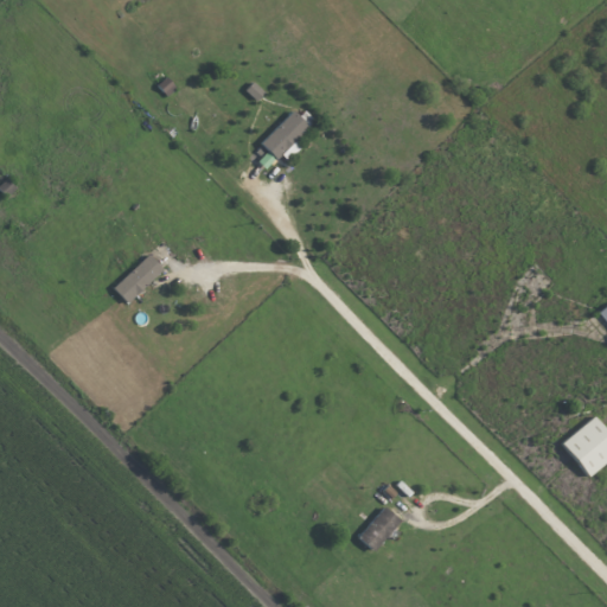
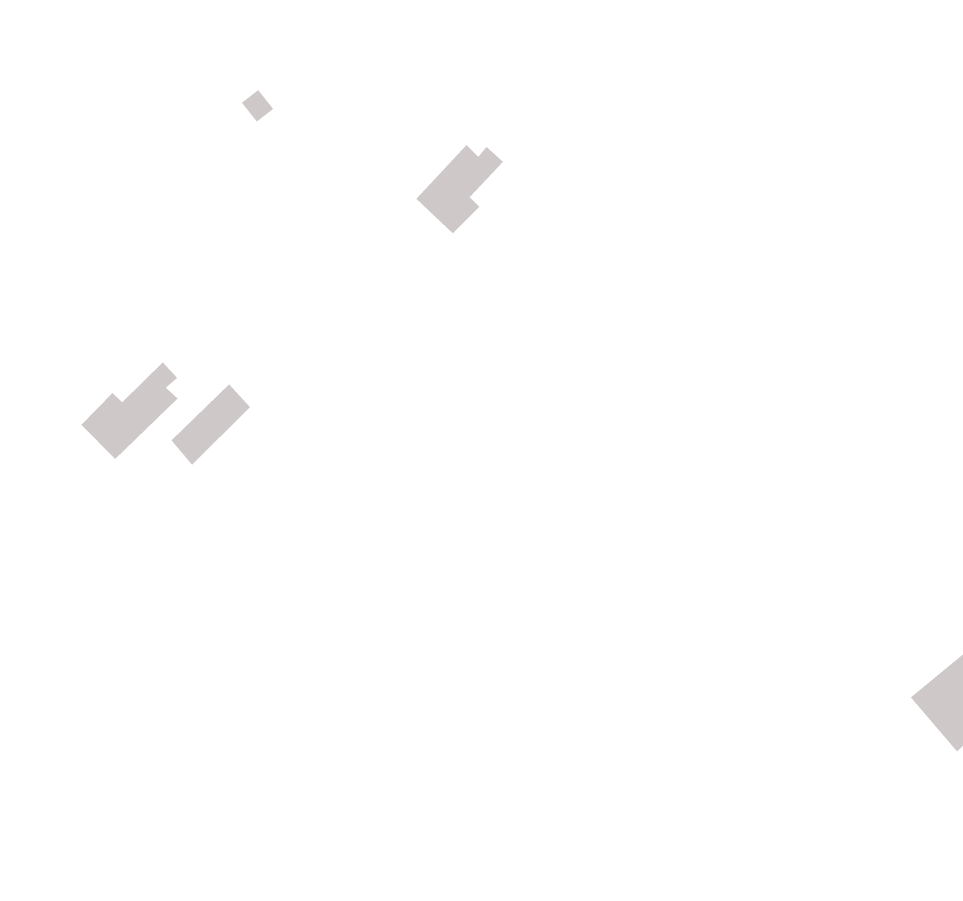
building: none -> [81,361,179,460]
building: [357,506,401,551] -> none

